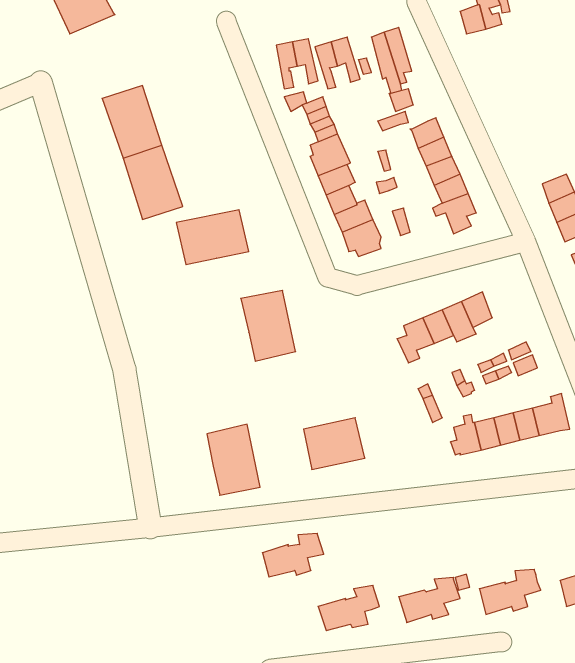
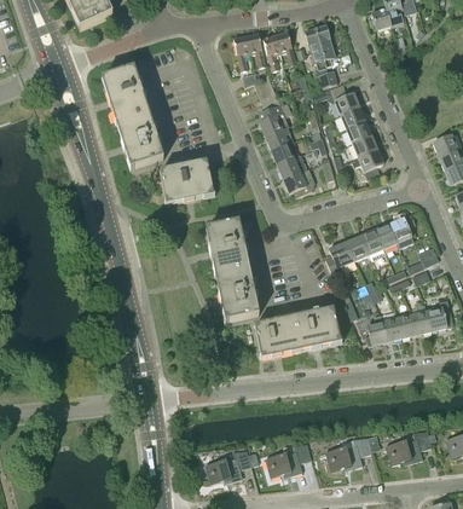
building: none -> [388,214,413,248]
building: none -> [293,308,338,347]
building: [207,424,260,495] -> [218,267,257,320]
building: [262,533,324,577] -> [206,450,251,482]

